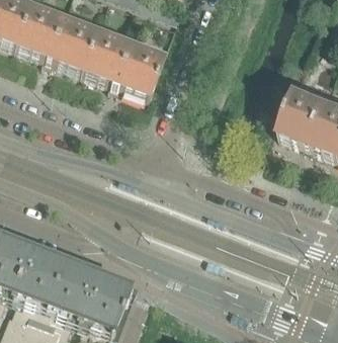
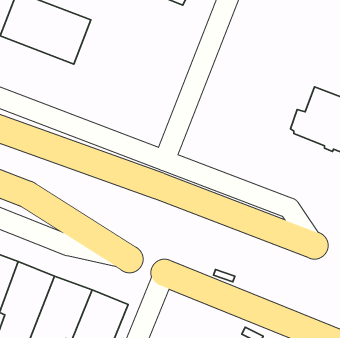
building: [84,29,166,94] -> none

